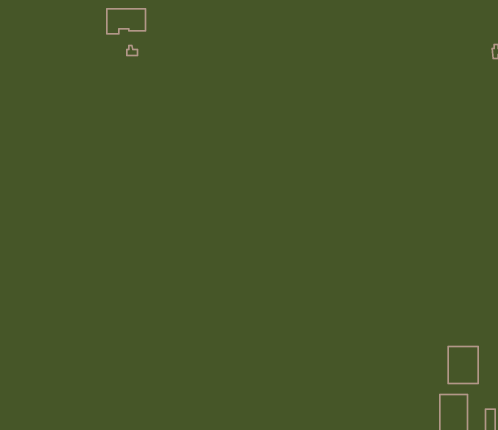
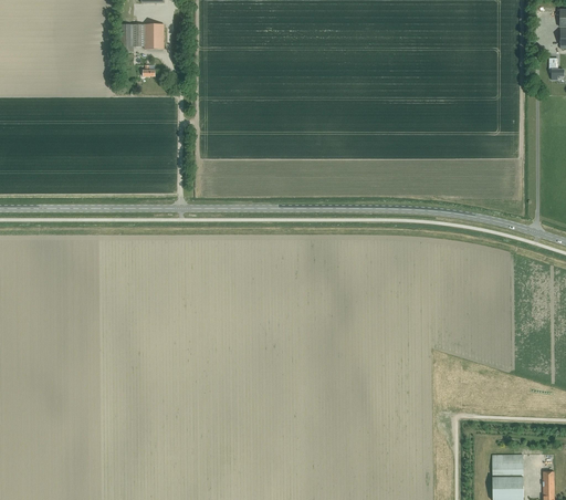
building: [448,346,478,383] -> none

